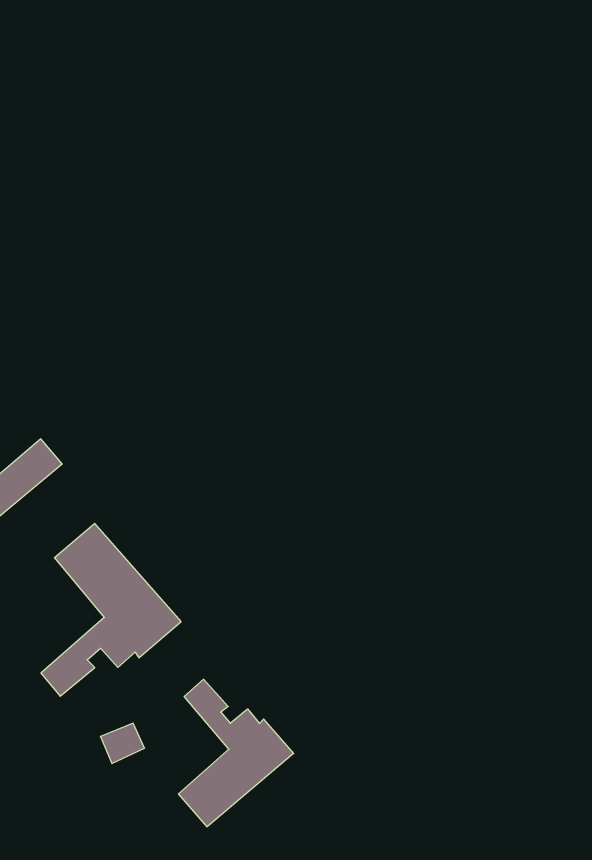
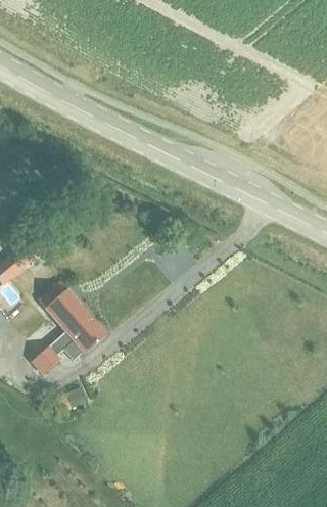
building: [179,679,294,827] -> none

